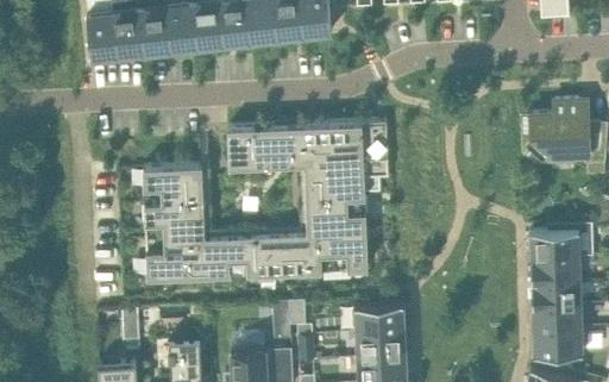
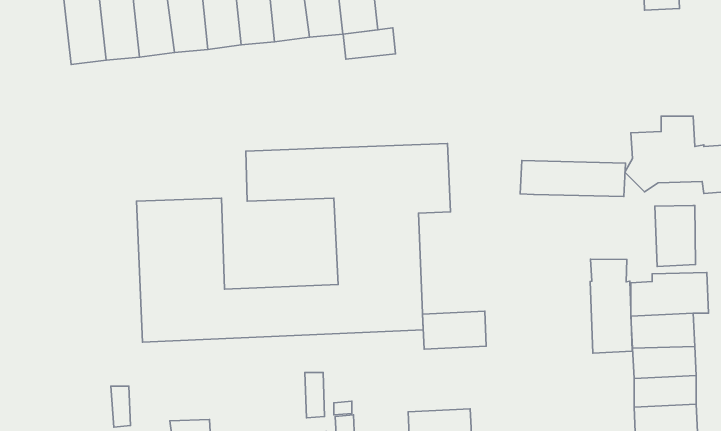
building: none -> [343,28,396,59]
building: none -> [520,161,625,197]
building: none -> [655,205,695,267]
building: none -> [590,259,632,353]
building: [354,305,404,334] -> [423,311,486,349]

